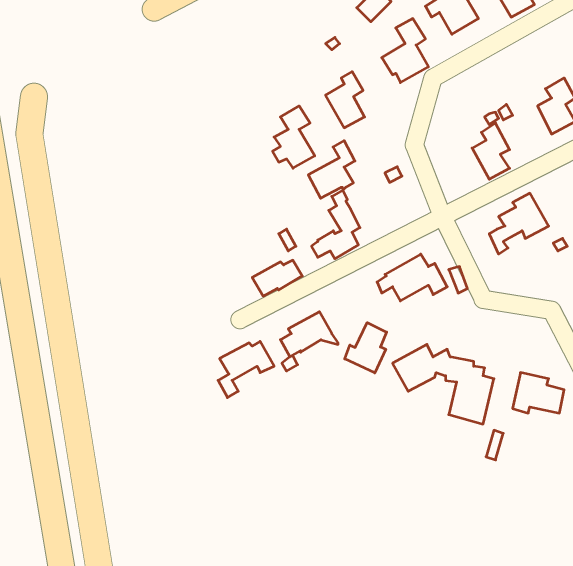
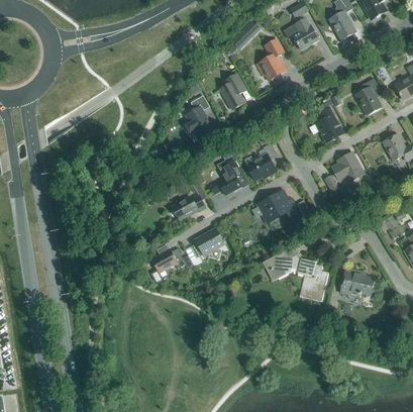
building: [308,141,355,198] -> [247,143,278,181]
building: [345,323,387,373] -> none

